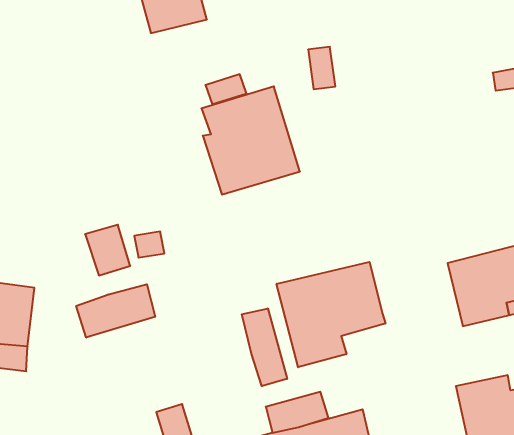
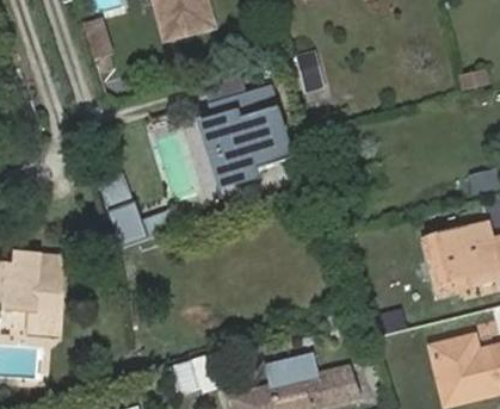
building: [277,262,385,367] -> none
building: [76,284,155,338] -> none
building: [242,308,287,386] -> none

